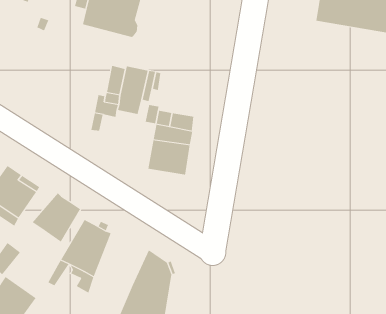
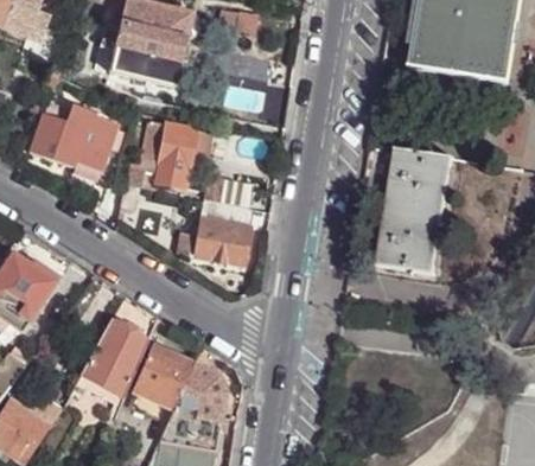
building: none -> [28,103,117,170]
building: none -> [377,146,453,272]
building: [32,193,81,242] -> none
building: none -> [132,343,193,407]

